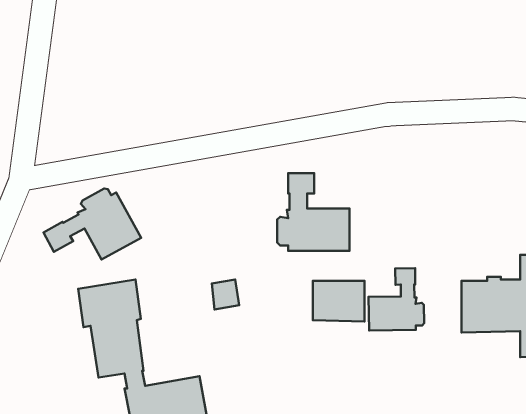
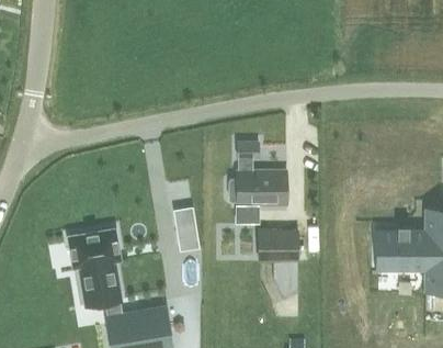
building: [43,189,141,260] -> none
building: [369,268,424,330] -> none

